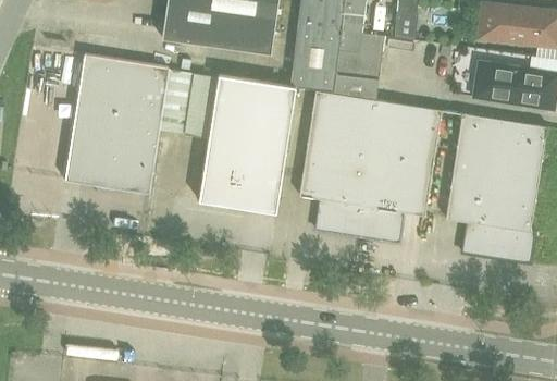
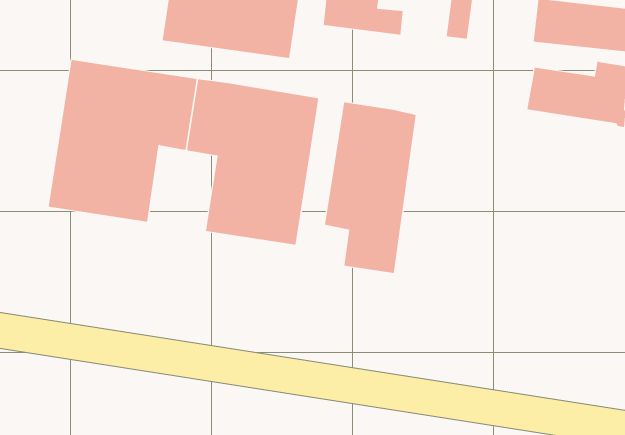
building: [290,25,385,93] -> none
building: [359,101,442,243] -> none
building: [445,113,546,262] -> none

